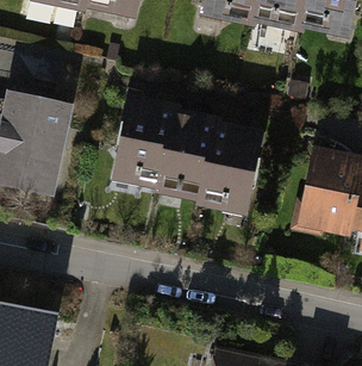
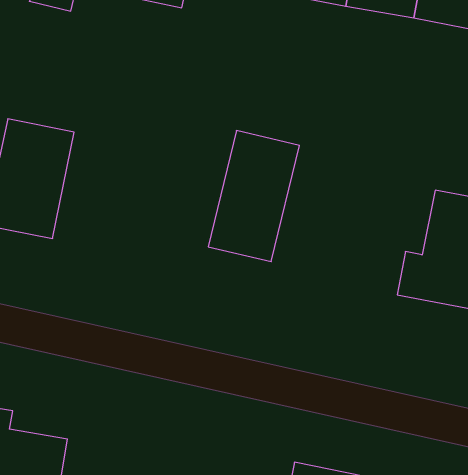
building: [108,97,173,191] -> none
building: [198,118,262,212] -> none

